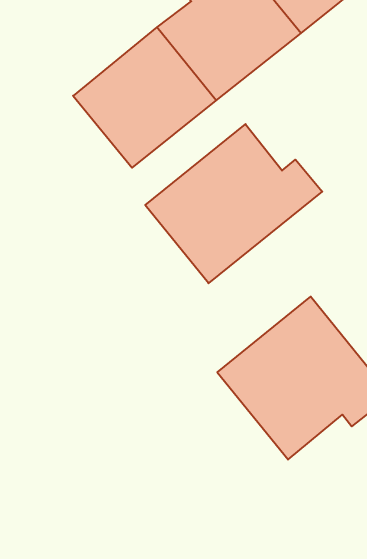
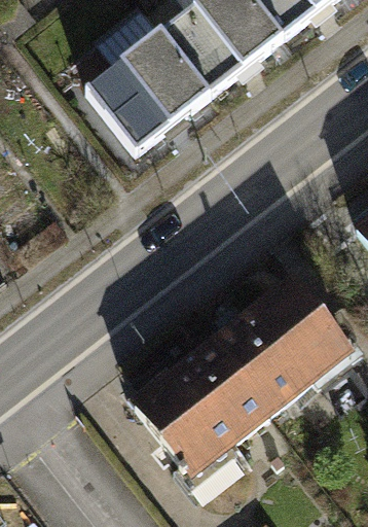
building: [145,124,322,283] -> none
building: none -> [130,335,275,479]

